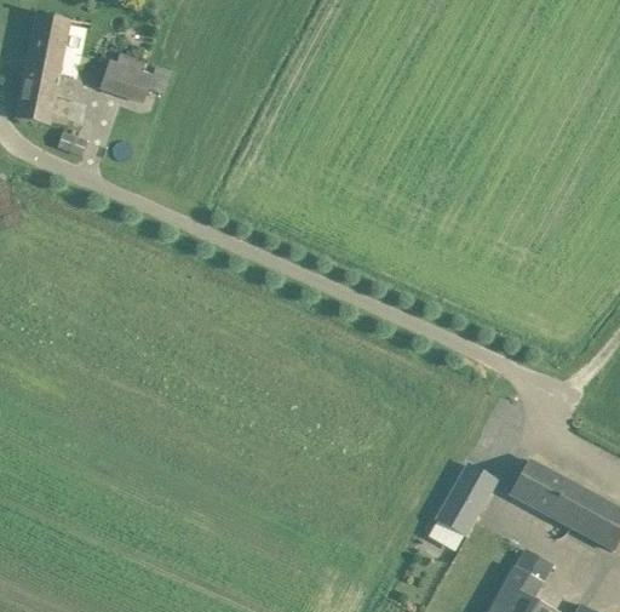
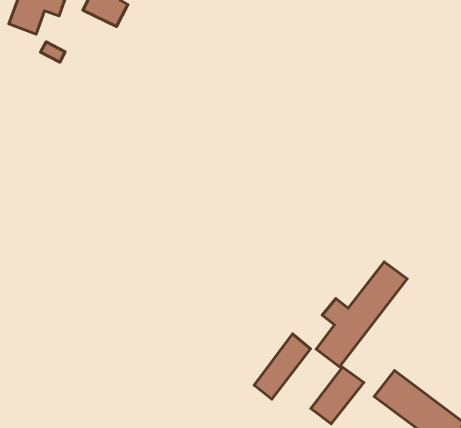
building: none -> [316,262,407,367]
building: none -> [254,334,311,399]

